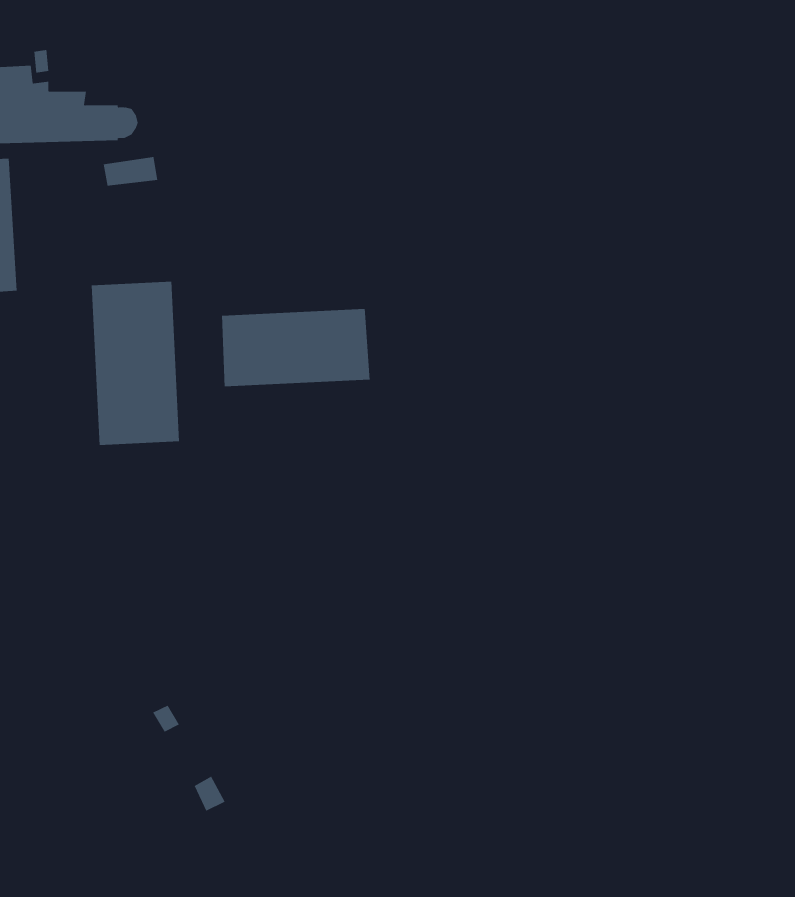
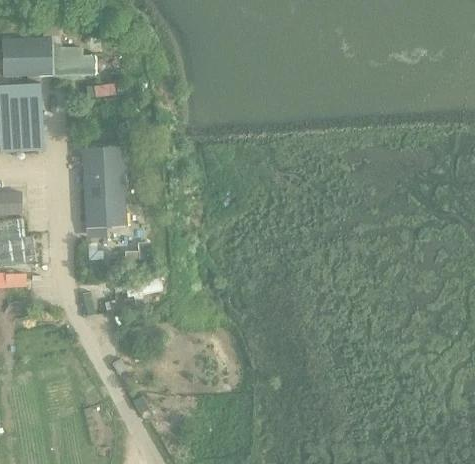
building: [222,308,370,387] -> none

